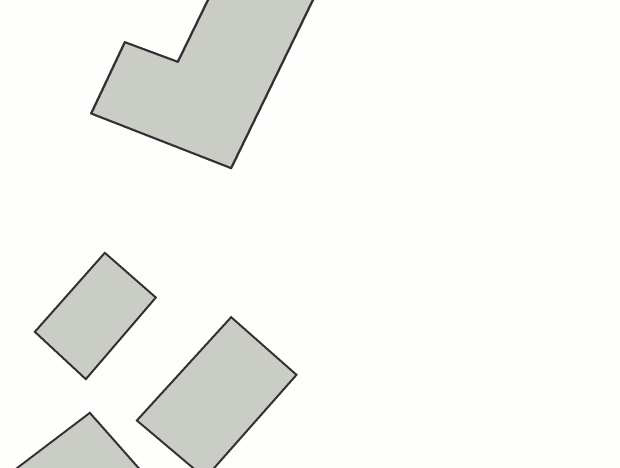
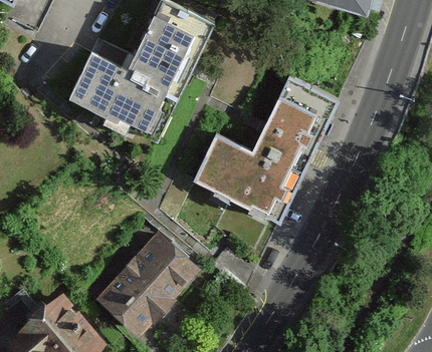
building: none -> [196,76,333,219]
building: [35,253,156,379] -> none

